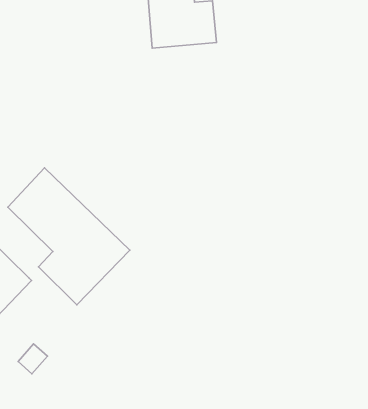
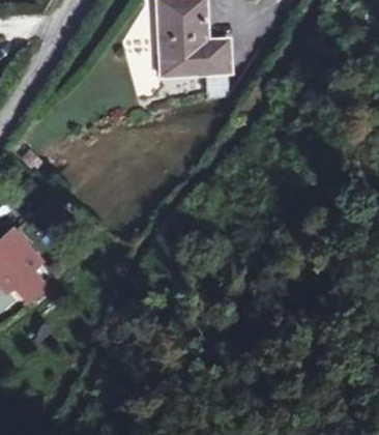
building: [8,168,130,305] -> none

